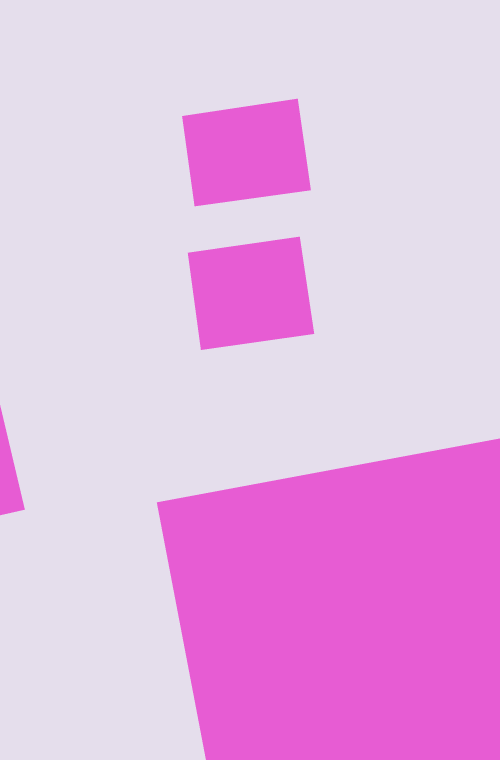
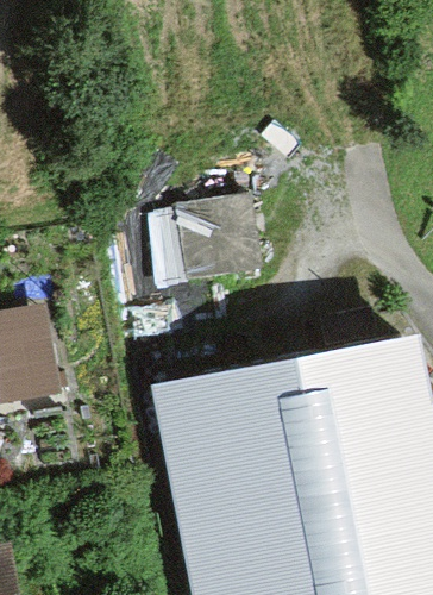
building: [181,98,312,207] -> none

